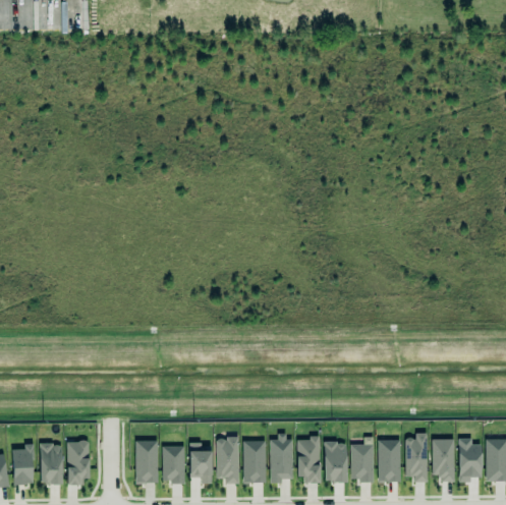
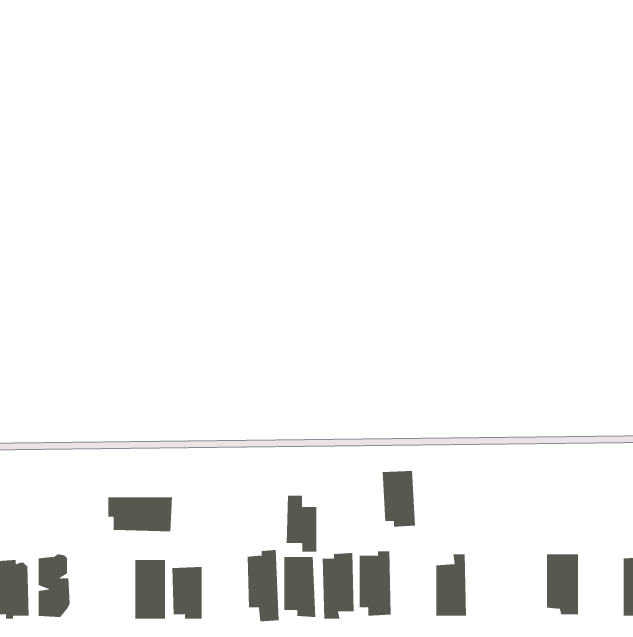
building: none -> [108,497,173,532]
building: [404,433,428,483] -> none
building: [458,438,482,483] -> none
building: [323,439,347,480] -> [382,471,416,527]
building: [378,440,400,482] -> none
building: [189,443,212,484] -> [286,495,317,552]

